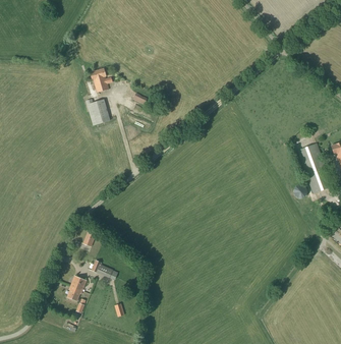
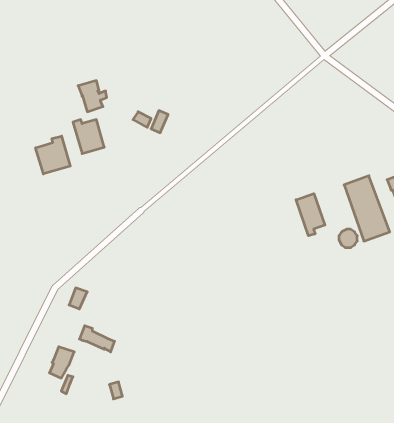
building: none -> [36,136,70,174]
building: none -> [296,194,325,236]

